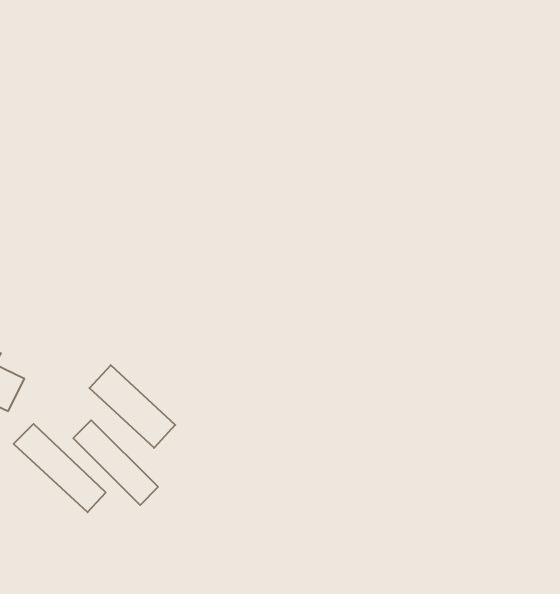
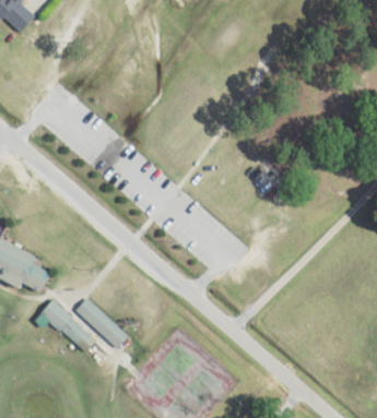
building: [89,365,175,448] -> none

